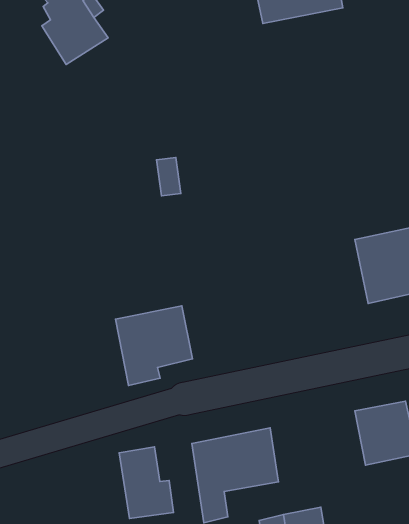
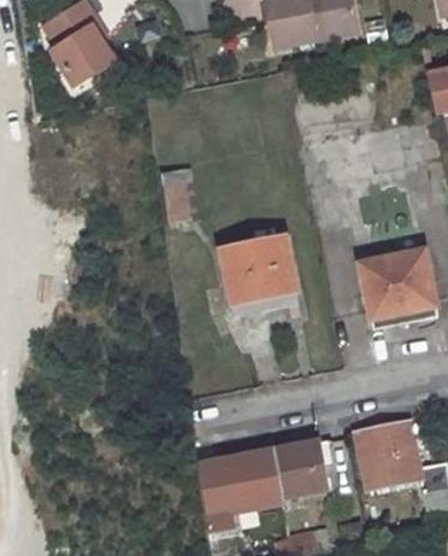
building: [115,306,193,386] -> [220,235,297,315]
building: none -> [277,438,332,497]
building: [119,447,174,519] -> none

